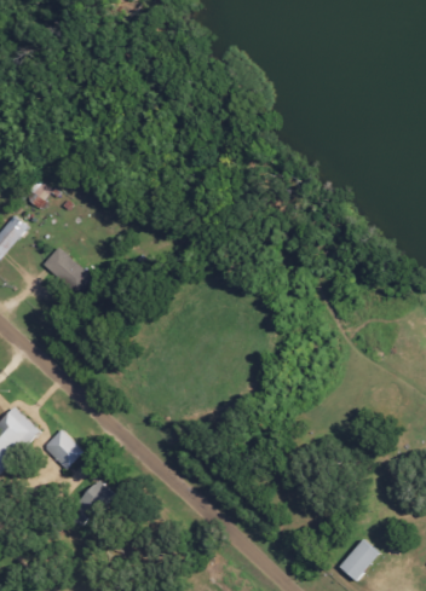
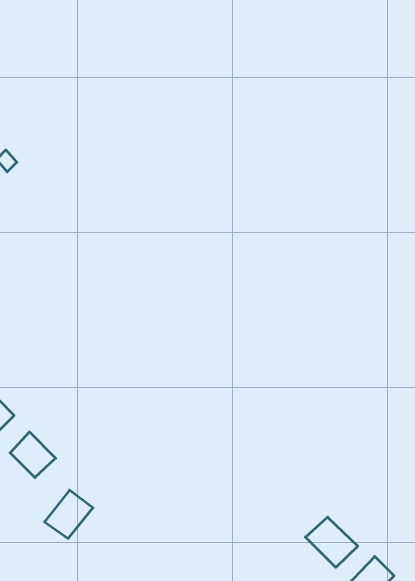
building: [44,248,93,297] -> none
building: none -> [305,517,358,567]

